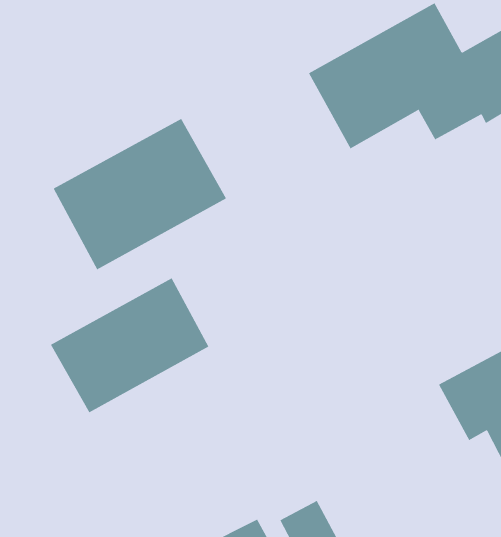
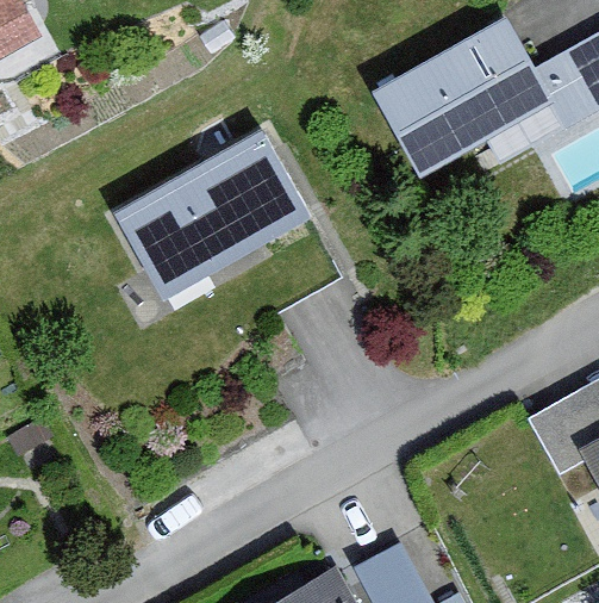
building: [50,277,209,413] -> none

